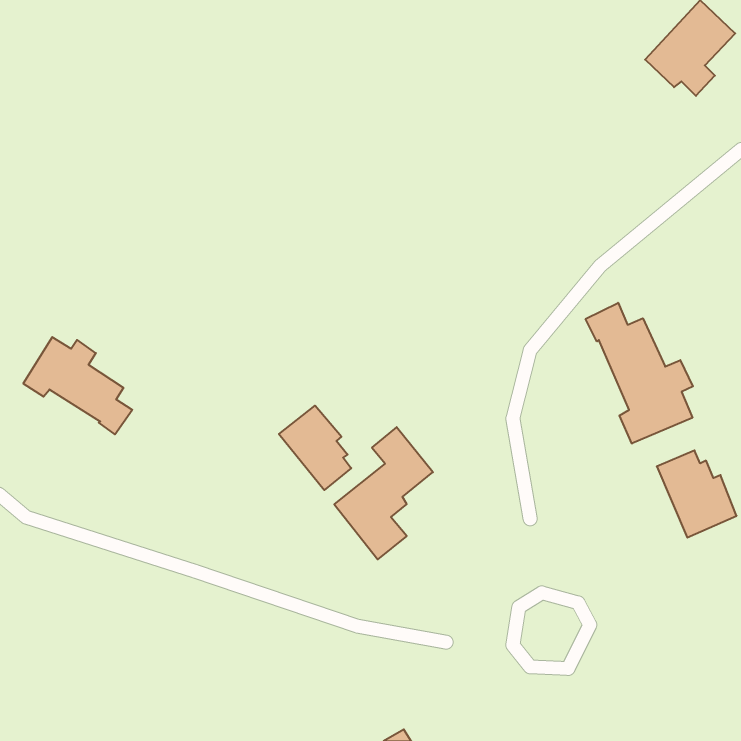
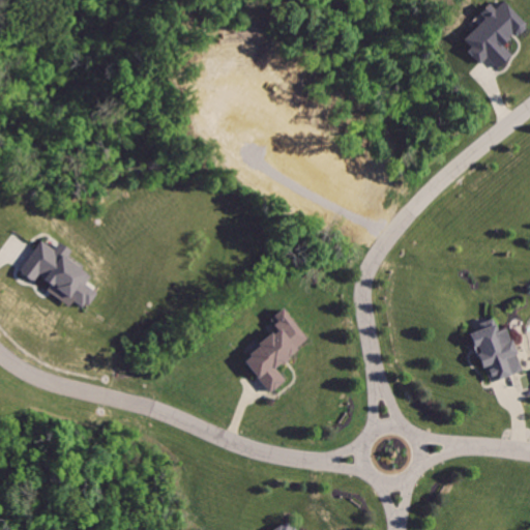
building: [586,303,693,444] -> none
building: [279,406,351,490] -> none

